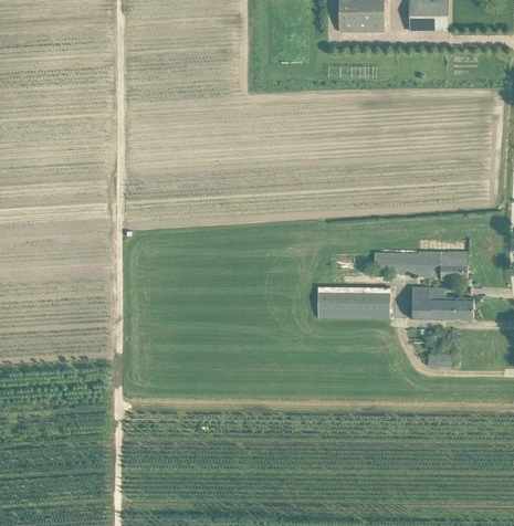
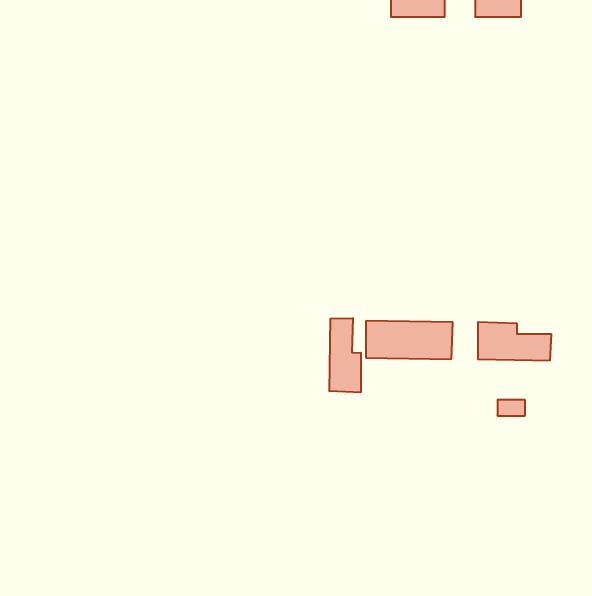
building: [374,252,468,280] -> none
building: none -> [329,318,361,392]

